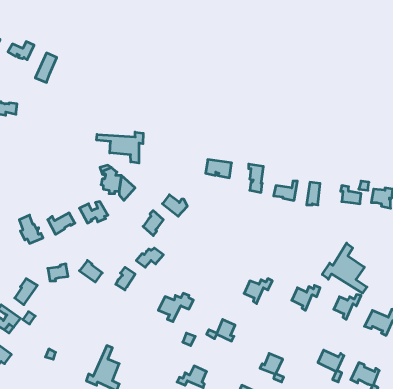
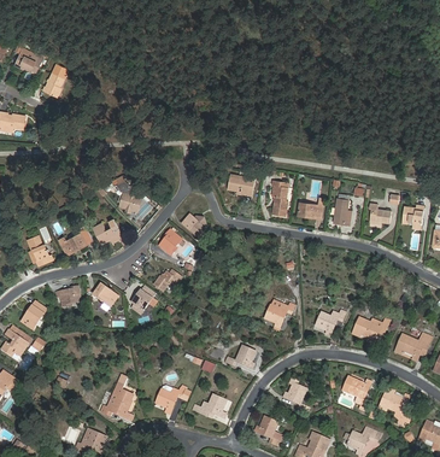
building: [97,132,143,163] -> none
building: [322,243,367,293] -> none
building: [158,293,193,322] -> [153,383,190,414]

